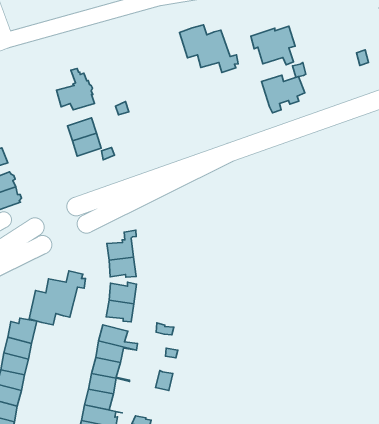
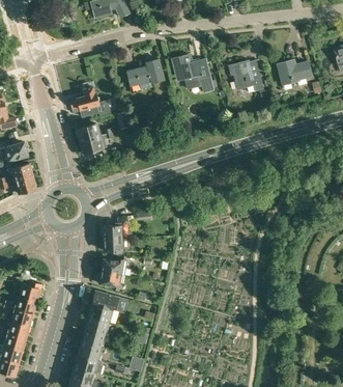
building: none -> [126,59,163,89]
building: [261,75,305,113] -> [277,60,311,90]
building: [29,271,85,325] -> none

